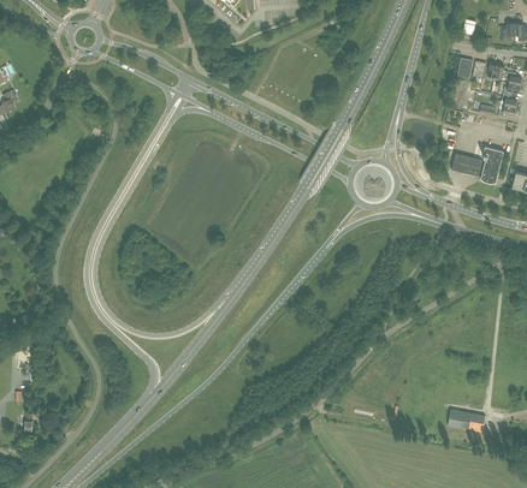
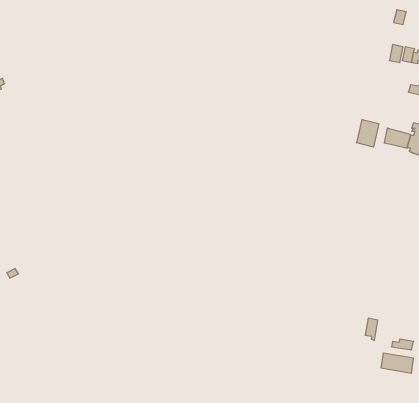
building: none -> [357,119,379,147]

